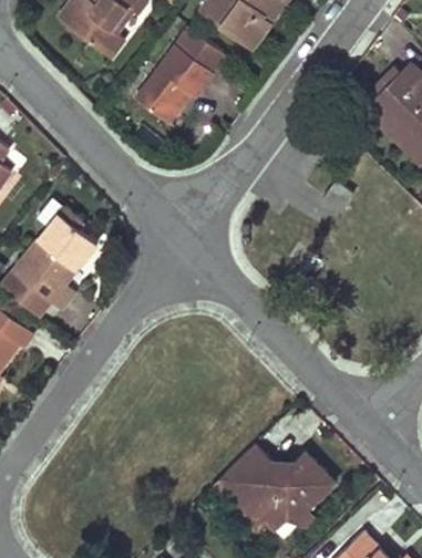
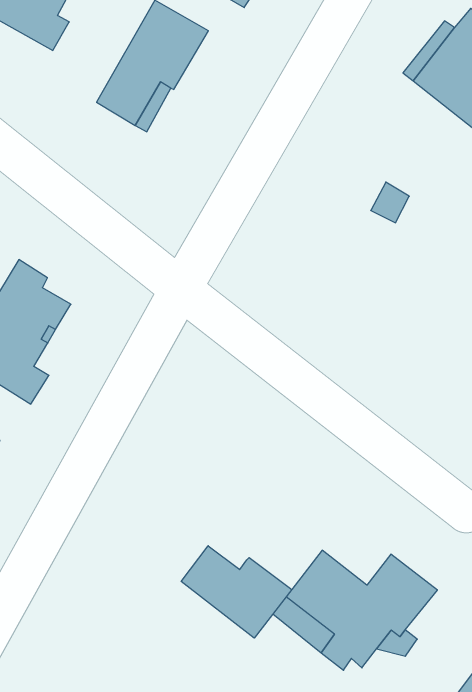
building: none -> [181,546,292,638]

